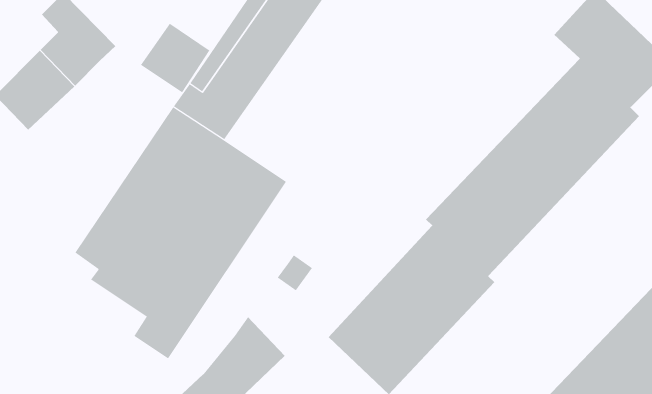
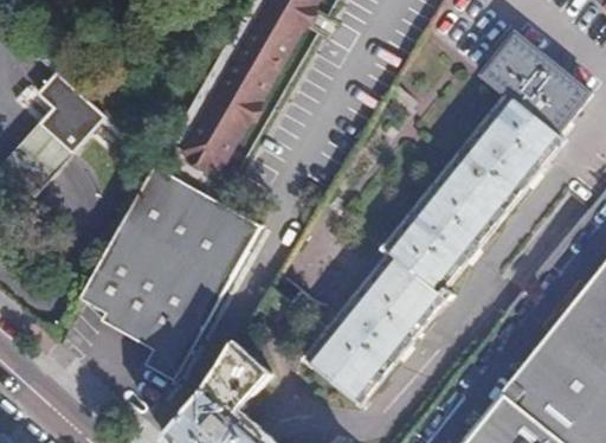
building: [140,23,210,93] -> none

